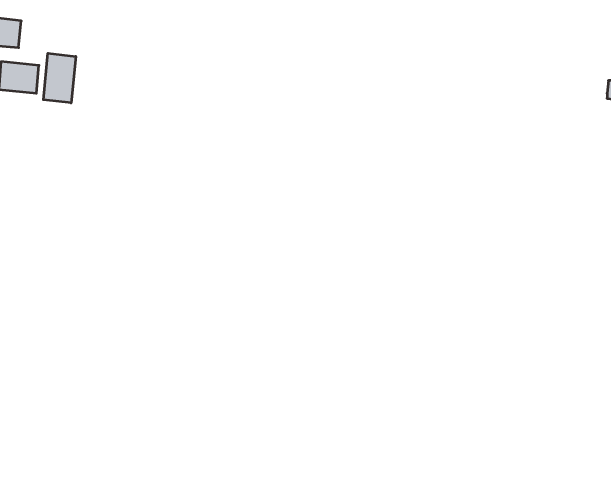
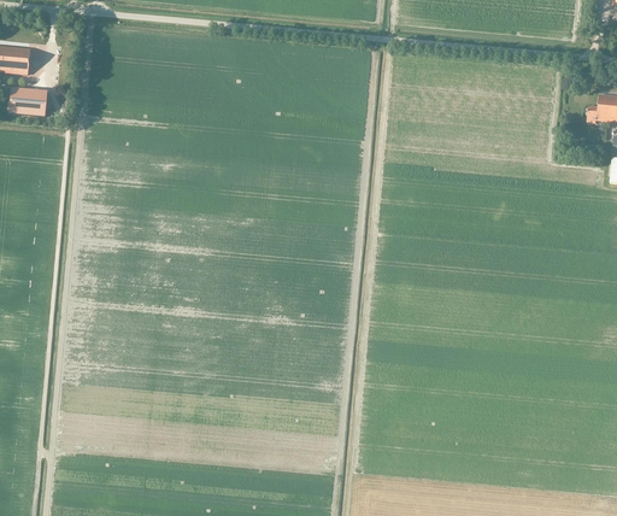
building: [43,53,76,103] -> none

